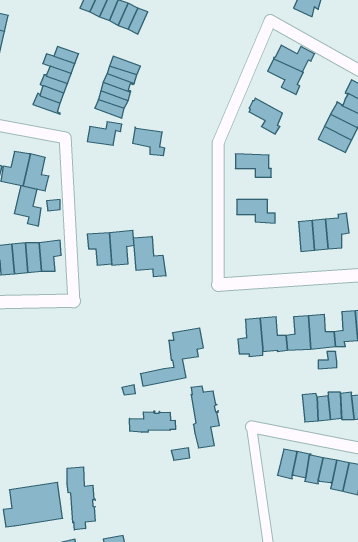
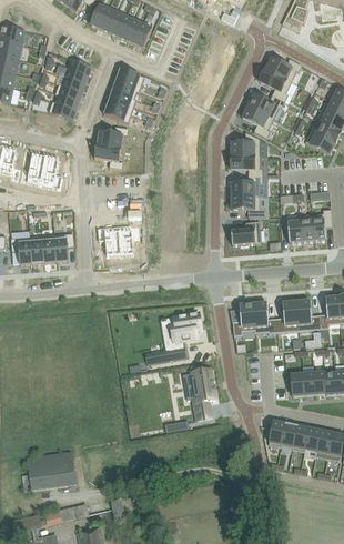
building: none -> [247,93,284,118]
building: [133,127,165,156] -> [93,142,122,168]
building: none -> [230,131,260,155]
building: none -> [231,175,262,195]
building: [15,186,41,226] -> none
building: none -> [230,220,261,245]
building: [134,236,166,277] -> none
building: [130,411,176,432] -> none
building: [67,467,95,530] -> none

